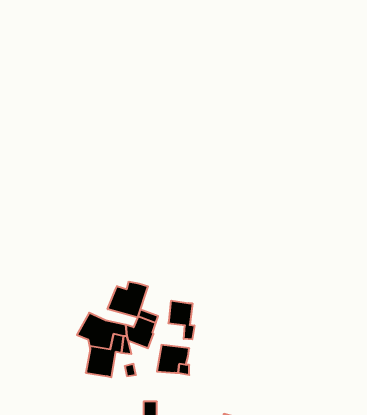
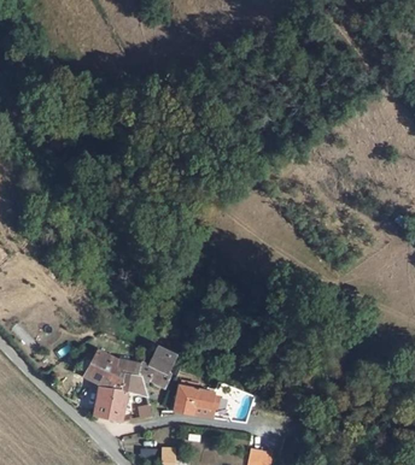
building: [108,282,148,318] -> none
building: [168,301,194,339] -> none

